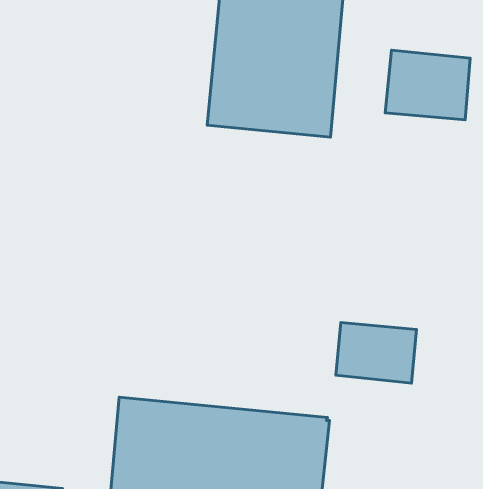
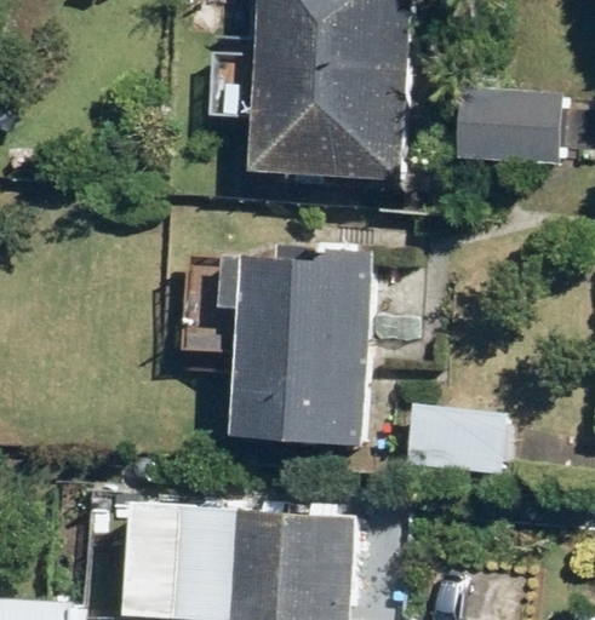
building: none -> [241,248,378,447]

